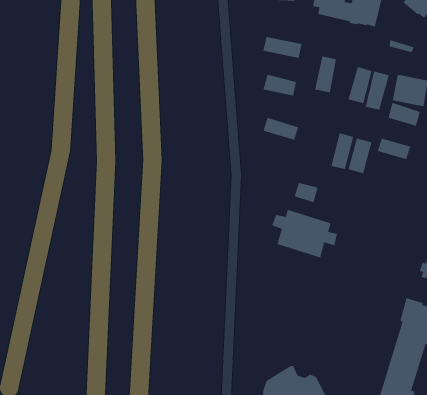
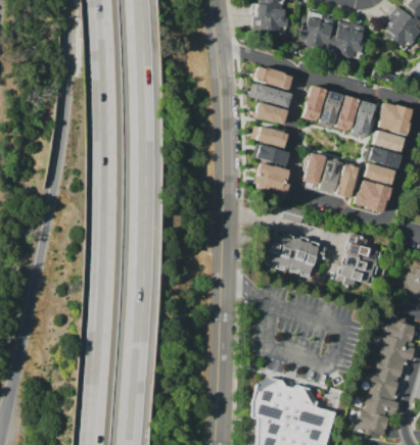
building: none -> [249,82,291,107]
building: none -> [319,90,339,127]
building: none -> [251,125,287,147]
building: none -> [367,146,400,167]
building: none -> [301,151,325,185]
building: none -> [254,163,289,193]
building: none -> [354,180,389,211]
building: none -> [336,235,382,288]

